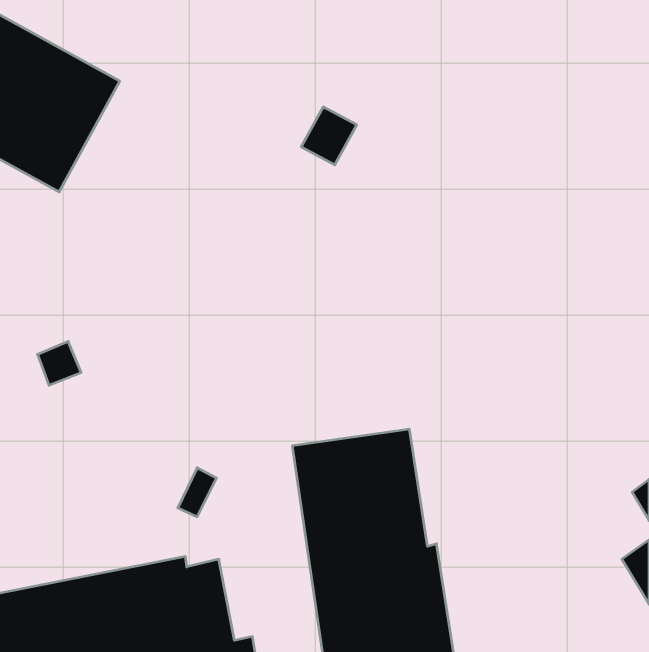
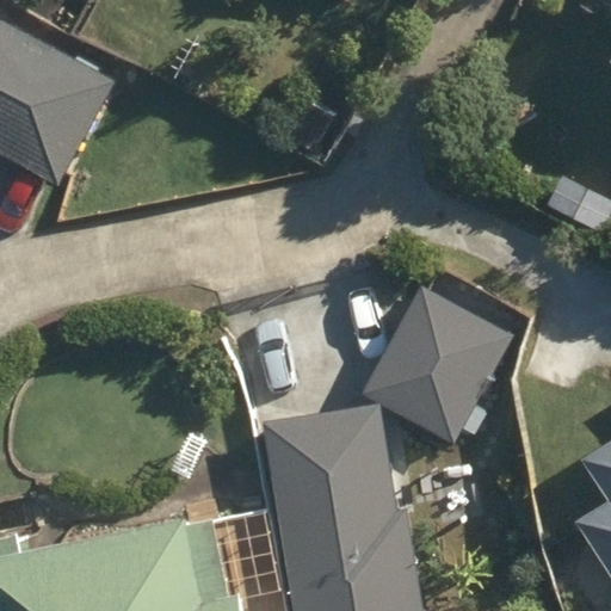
building: none -> [368,286,512,438]

